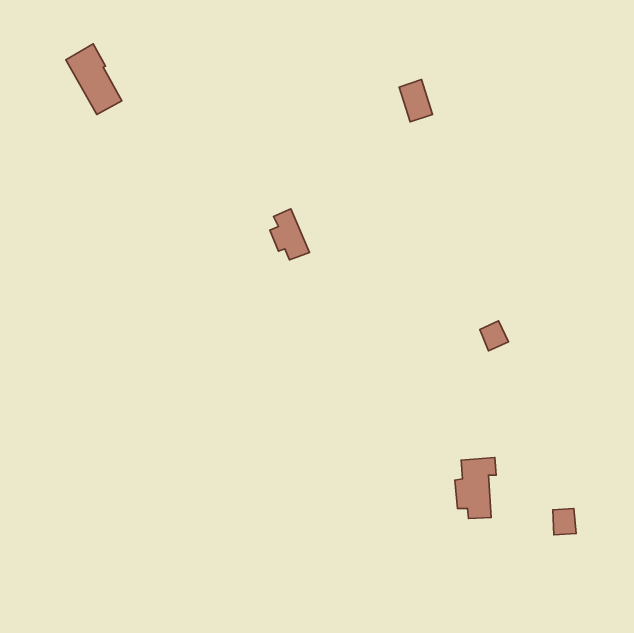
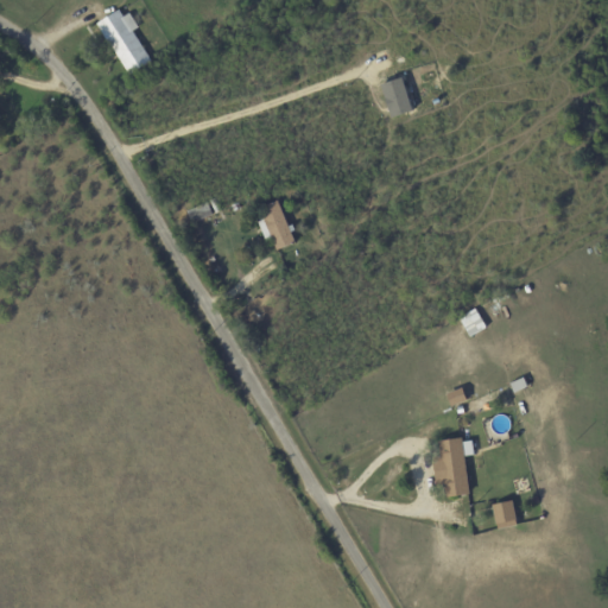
building: [66,44,122,115] -> [97,6,151,74]
building: [553,509,576,535] -> [494,501,517,526]

